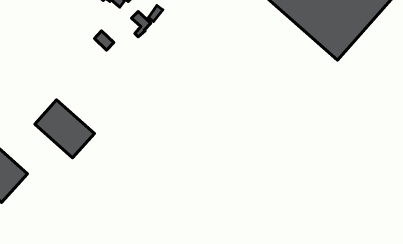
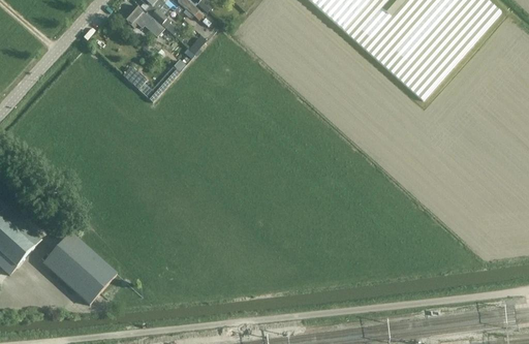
building: [35,100,94,158] -> [43,232,117,304]

